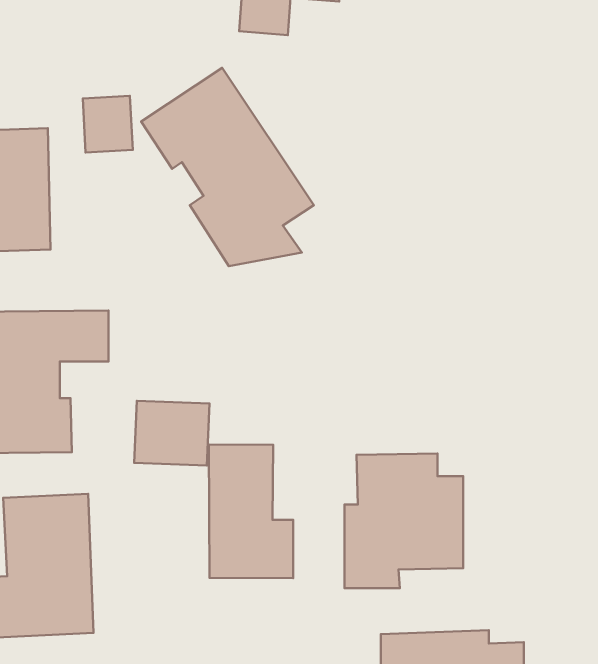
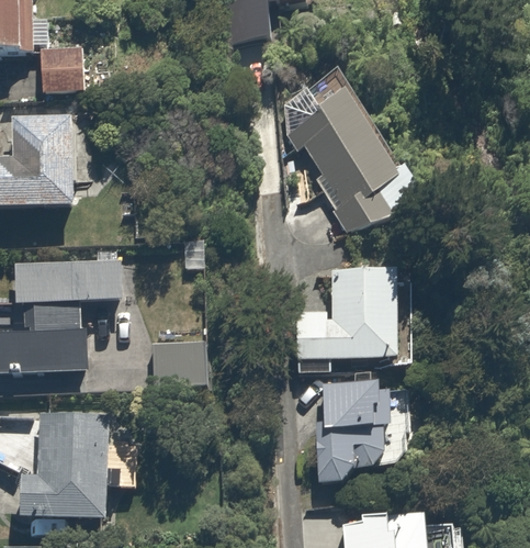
building: [141,68,314,266] -> [269,66,409,227]
building: [83,96,133,152] -> [38,44,79,90]
building: none -> [285,268,418,364]
building: [209,444,293,578] -> none

